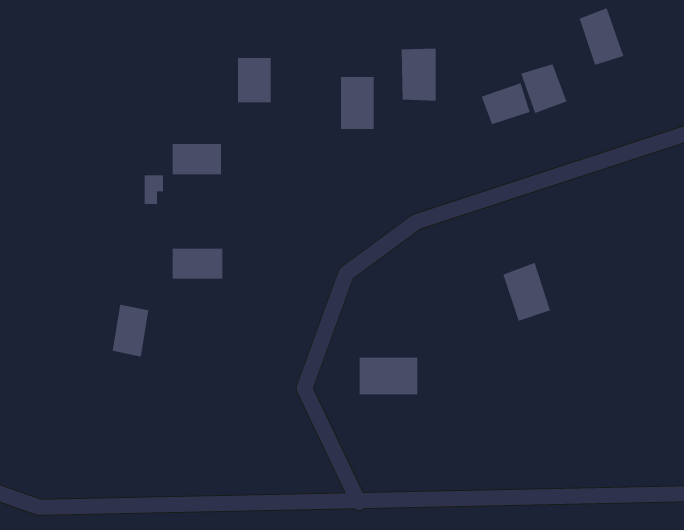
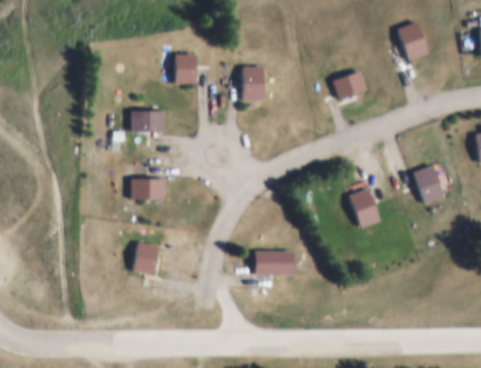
building: [401,48,436,102] -> none
building: [521,63,567,114] -> none
building: none -> [413,166,444,204]
building: [112,304,149,357] -> [133,241,158,276]

